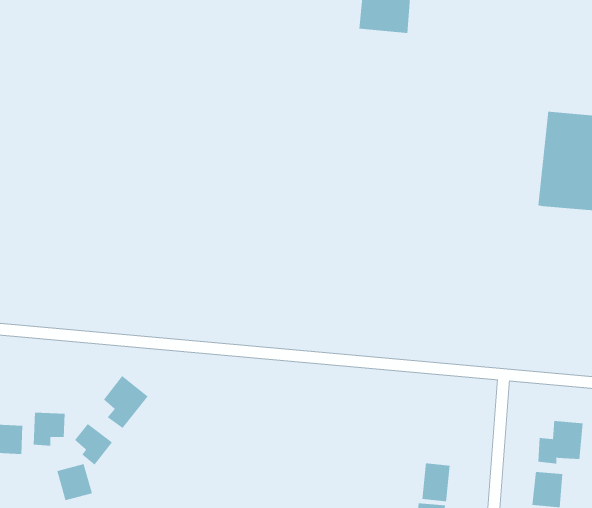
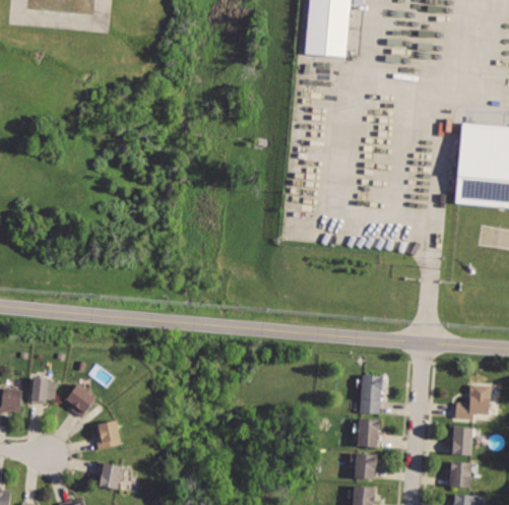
building: [103,375,149,429] -> none
building: none -> [359,375,383,414]
building: [56,463,93,501] -> [92,420,123,451]

